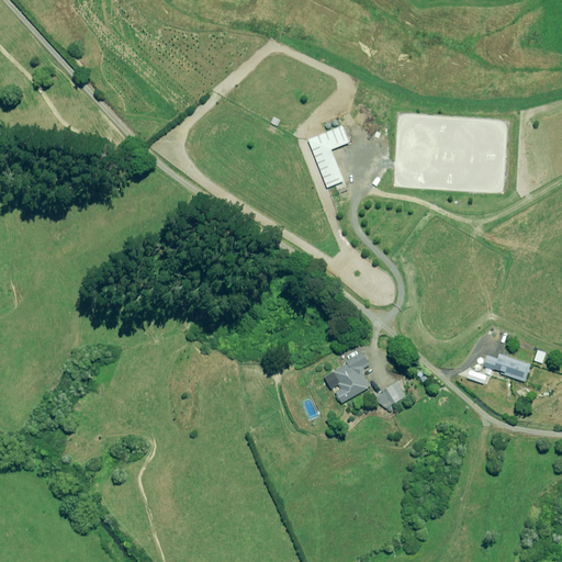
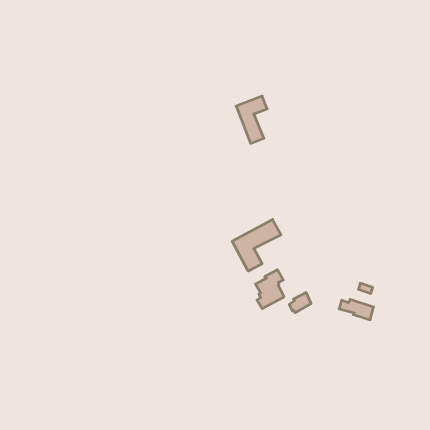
building: none -> [232,219,281,271]
building: [484,353,529,380] -> [339,299,374,320]

